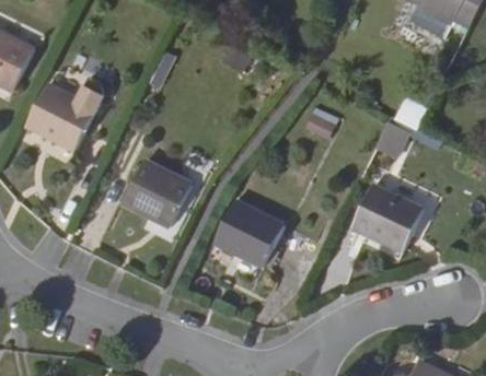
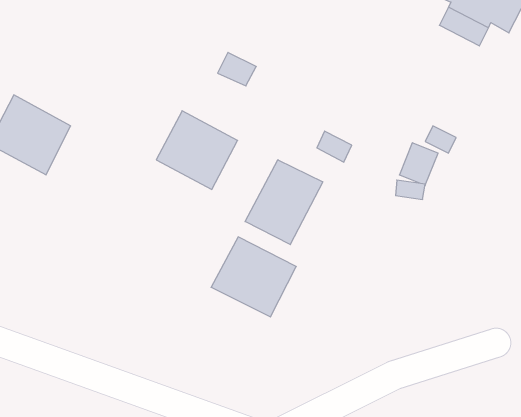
building: none -> [245,160,323,245]
building: [122,161,190,227] -> [156,111,238,189]
building: [352,185,421,249] -> none

